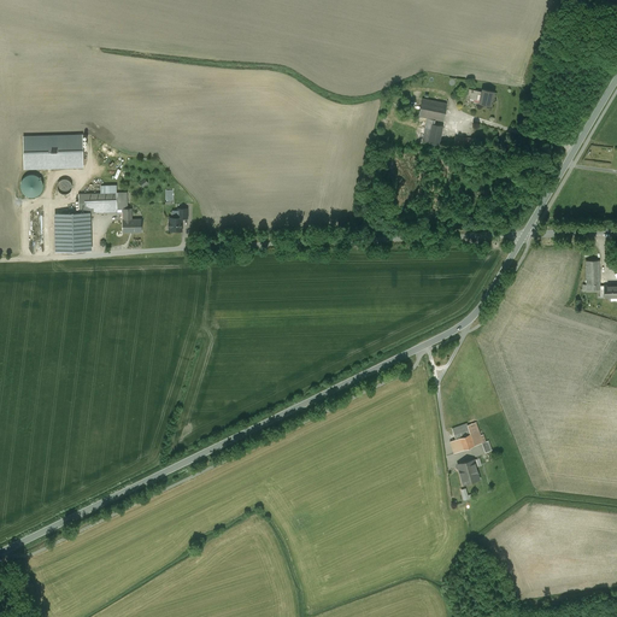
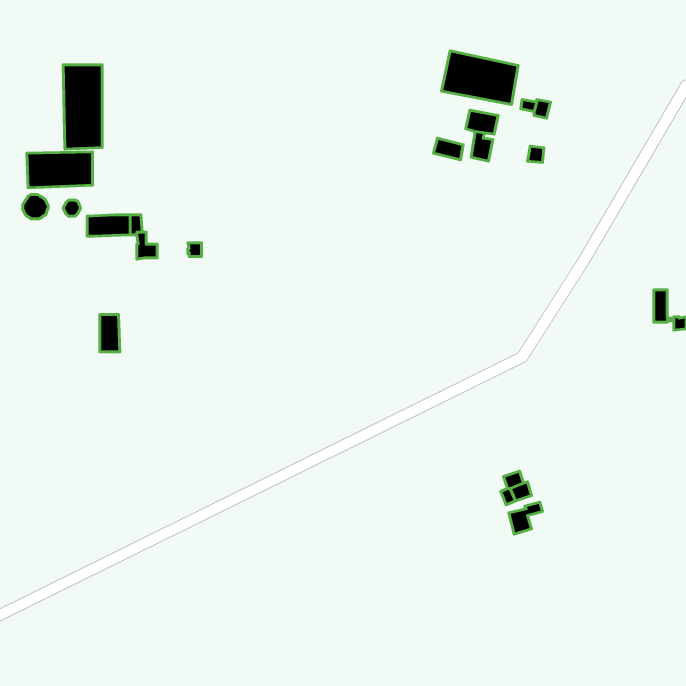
building: none -> [442,51,518,104]
building: none -> [63,65,102,149]
building: [66,216,84,249] -> [100,314,120,352]

